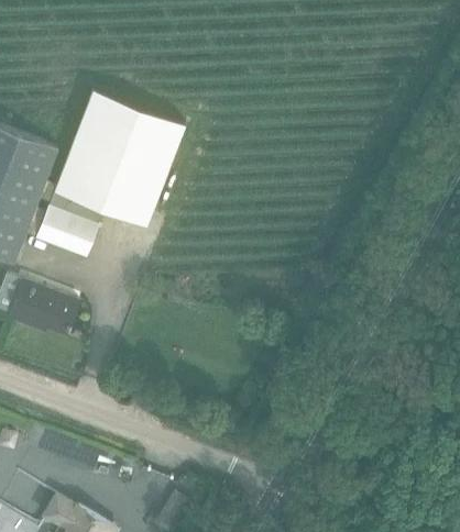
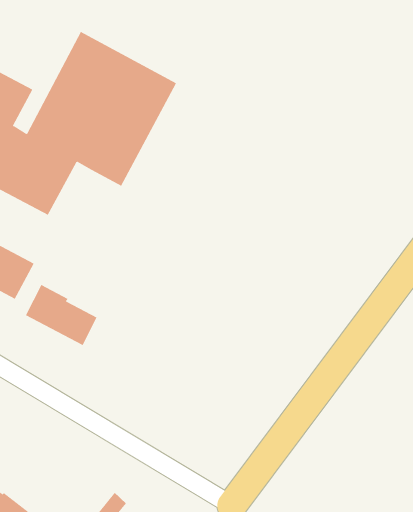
building: none -> [25,284,97,346]

